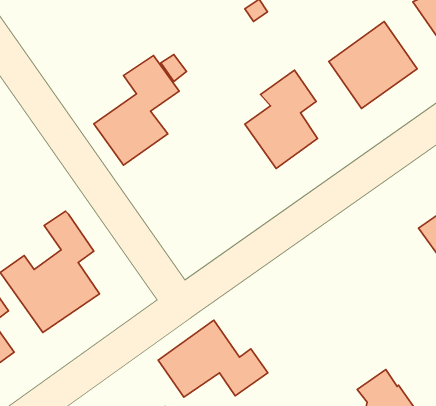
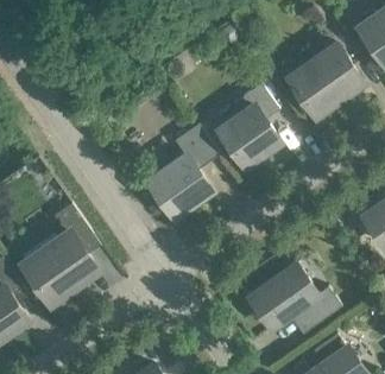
building: [94,56,179,165] -> [147,125,219,216]
building: [158,320,268,397] -> [248,264,340,328]

